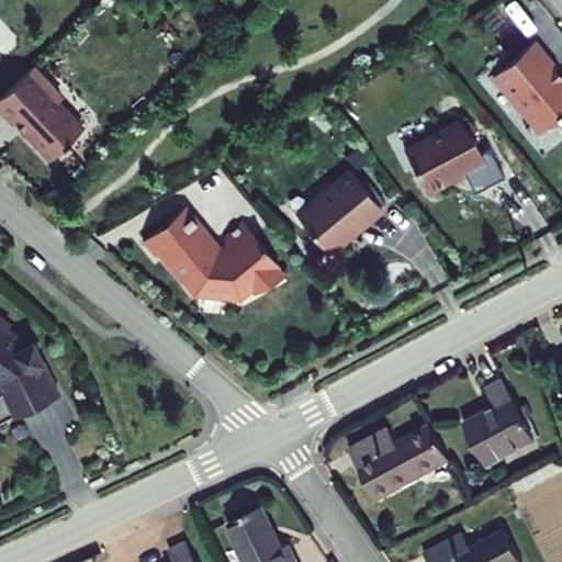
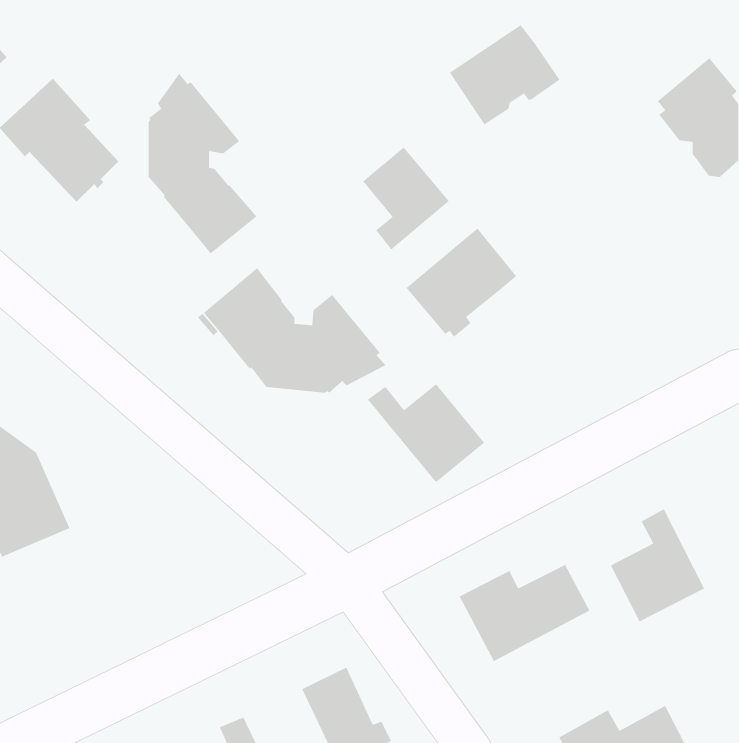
building: none -> [148,72,257,254]
building: none -> [362,146,450,251]
building: [408,125,492,201] -> [449,24,560,125]
building: none -> [367,383,485,483]

